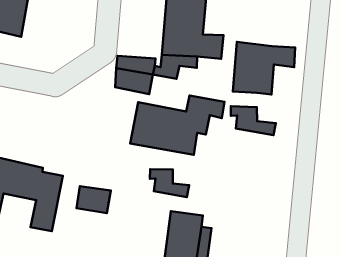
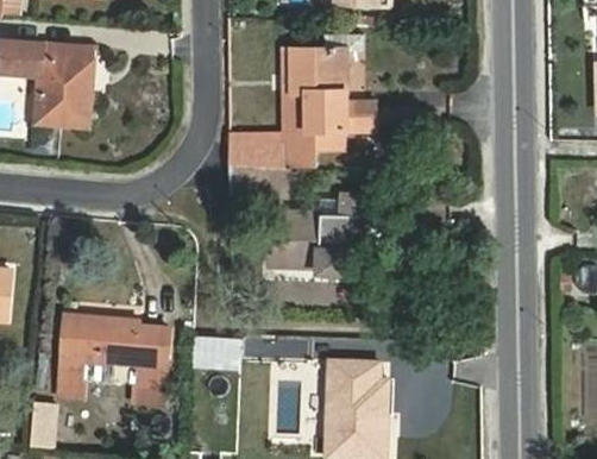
building: [233,42,295,94] -> none
building: [231,106,276,135] -> none
building: [150,169,189,197] -> none

